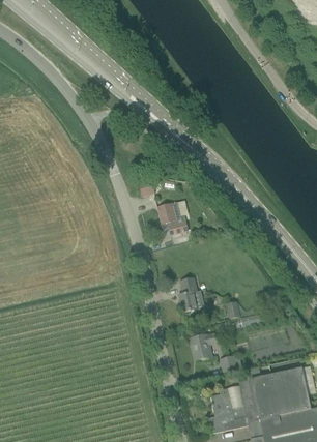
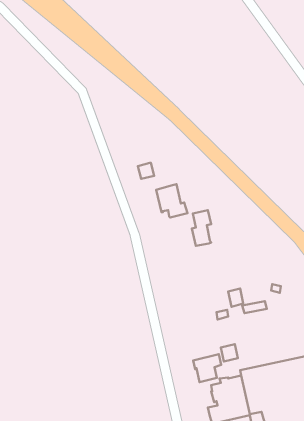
building: [178,277,197,312] -> [192,210,211,246]
building: [190,332,217,359] -> [193,354,221,382]

